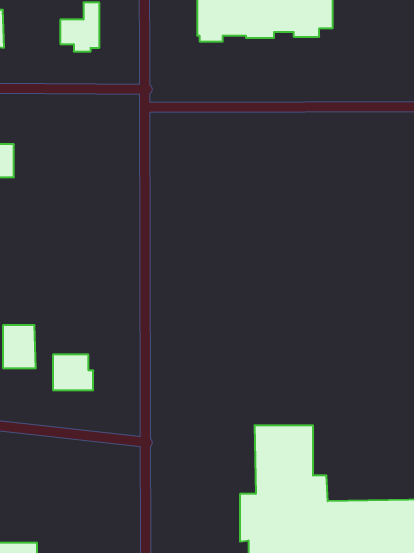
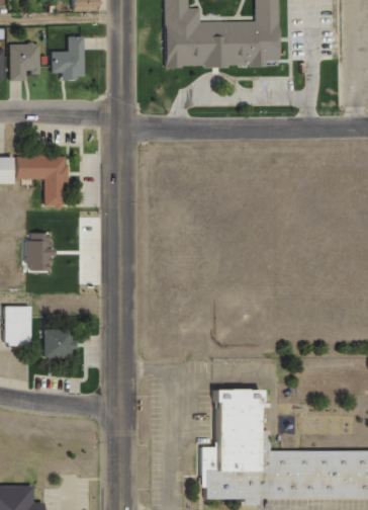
building: none -> [11,46,39,80]
building: none -> [17,157,69,205]
building: none -> [27,229,49,265]

